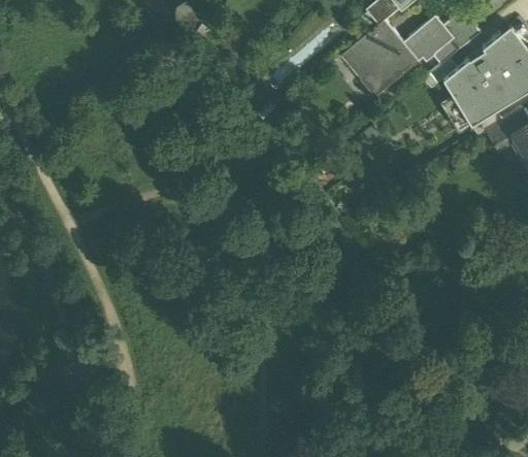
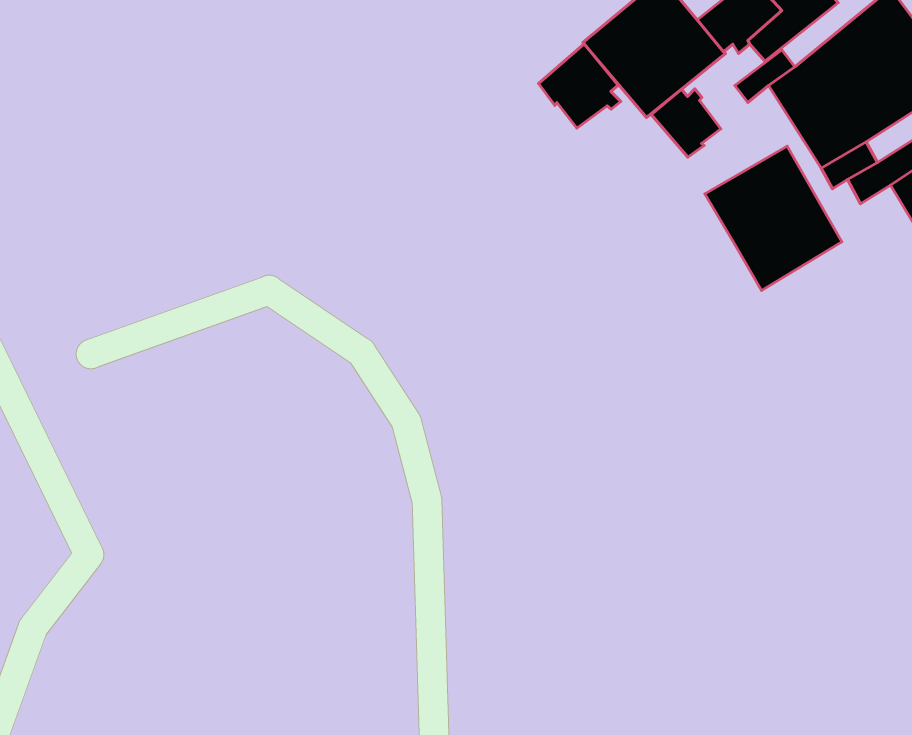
building: none -> [539,44,621,128]
building: none -> [651,89,721,157]
building: none -> [705,146,842,291]

